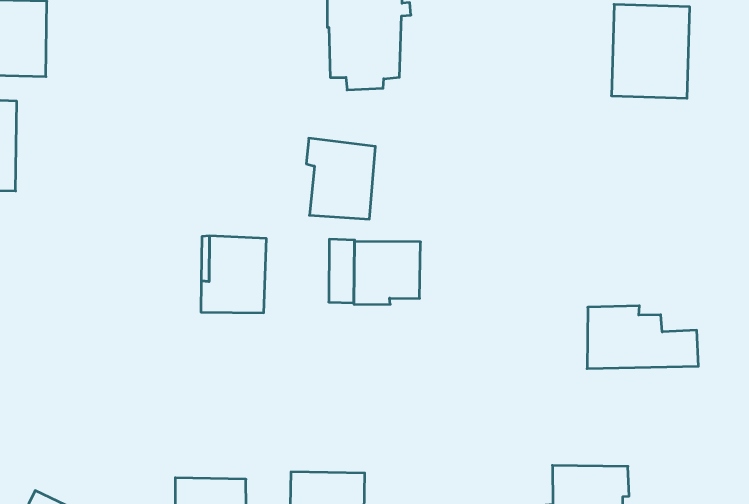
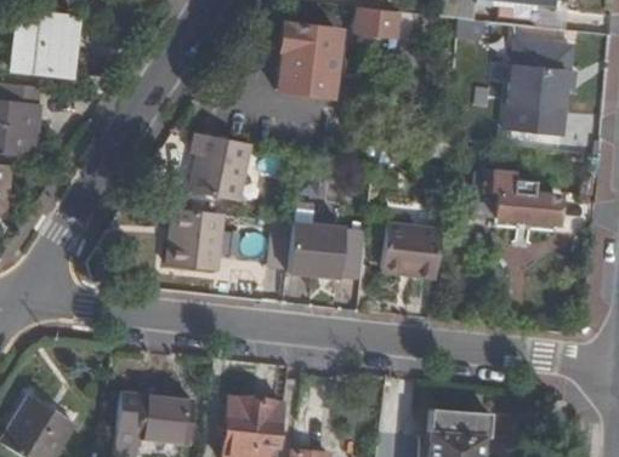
building: [306,138,375,219] -> [193,135,249,201]
building: none -> [382,224,441,280]
building: none -> [339,228,369,279]
building: [587,306,698,369] -> [475,173,562,227]

